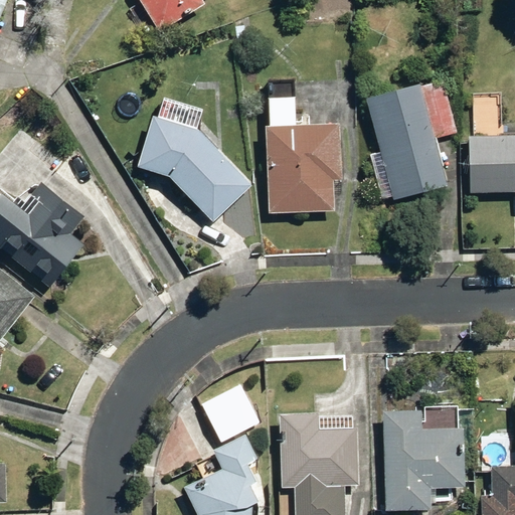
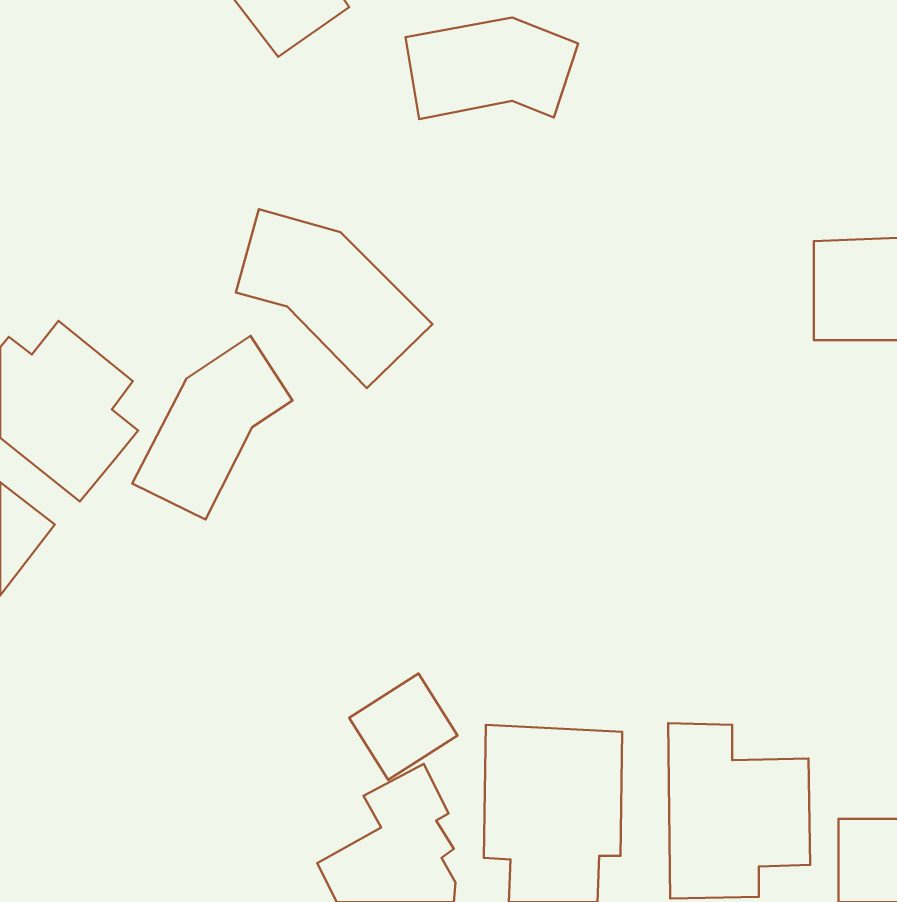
building: none -> [405,17,578,119]
building: [363,77,459,201] -> none
building: [264,99,345,211] -> none
building: none -> [132,336,292,520]

